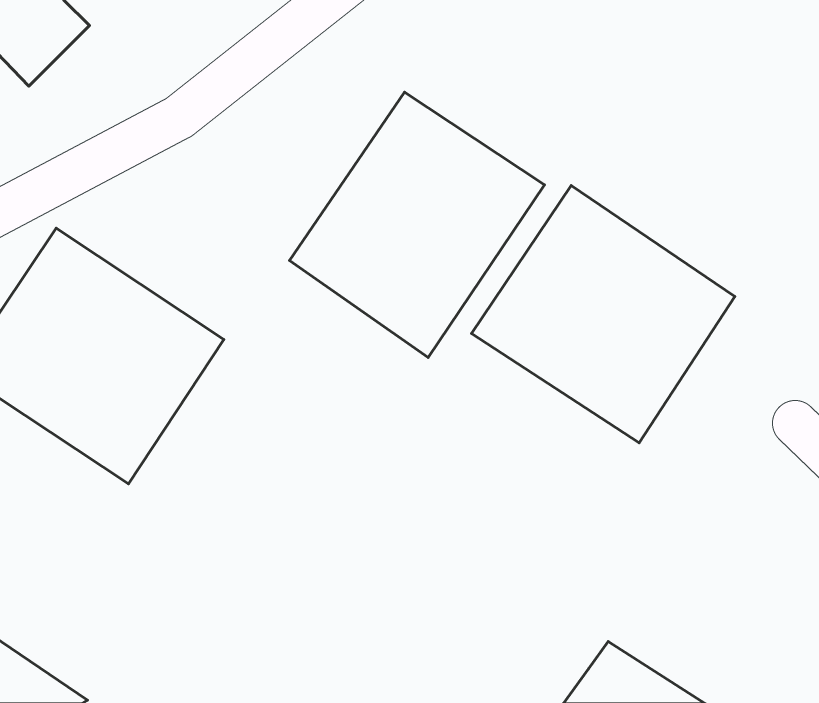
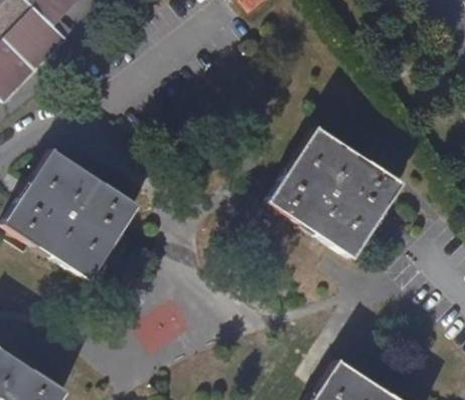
building: [289,92,544,358] -> none

